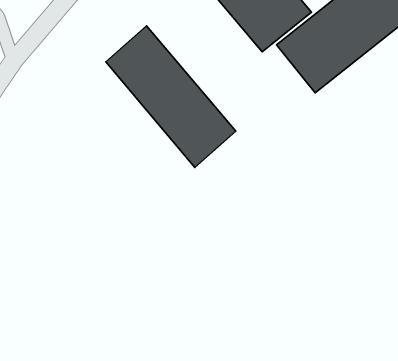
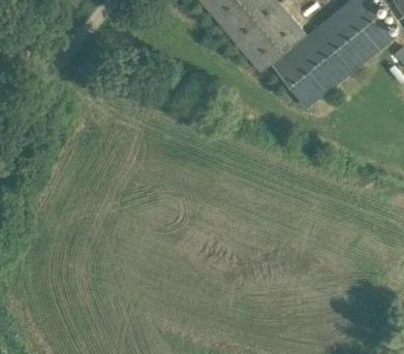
building: [106,26,236,167] -> none

